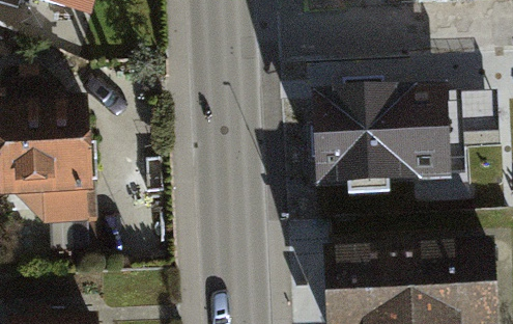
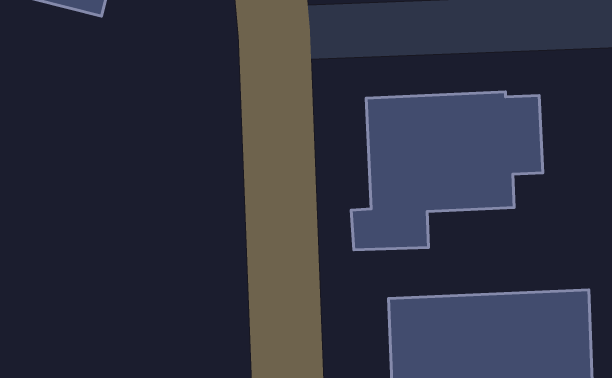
building: [10,110,111,195] -> none

